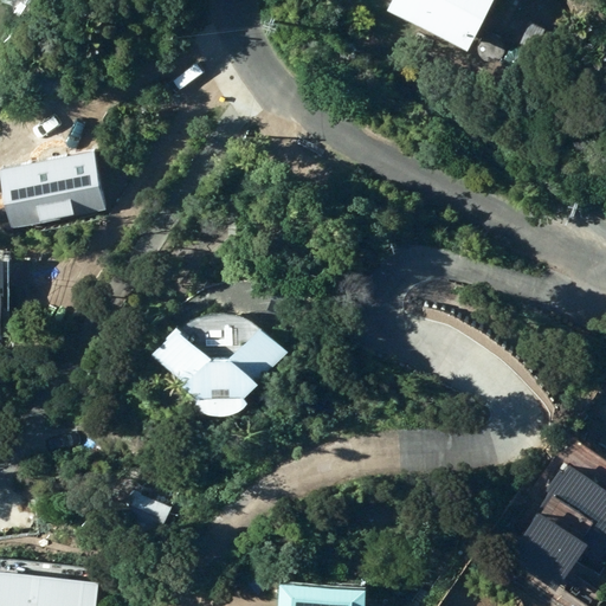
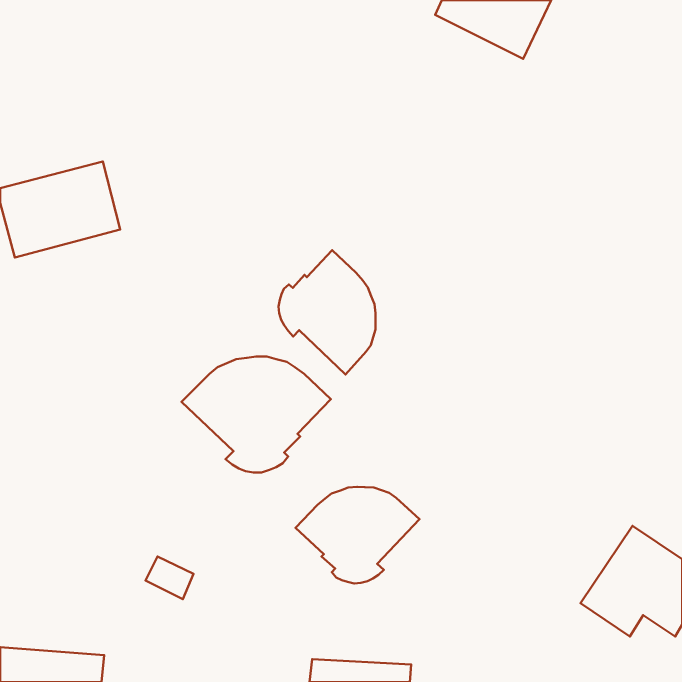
building: none -> [278,250,376,374]
building: none -> [296,487,420,584]

